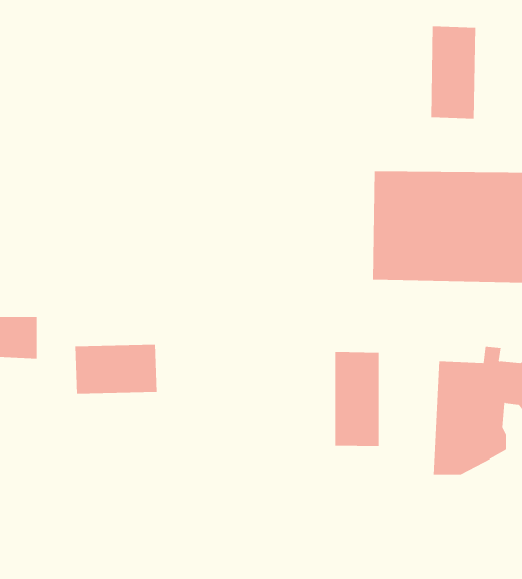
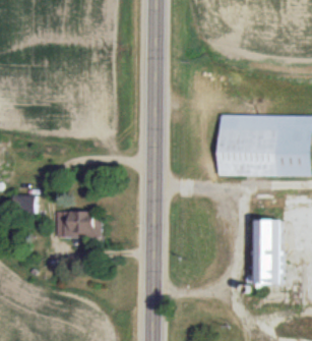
building: [431,25,476,119] -> none
building: [335,351,379,447] -> none

